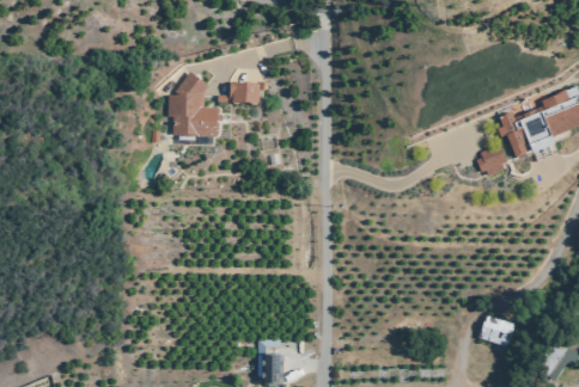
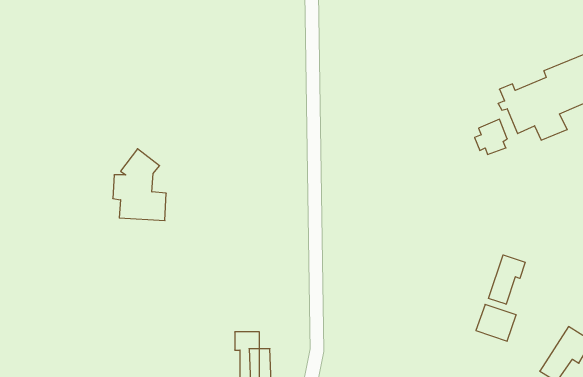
building: [167,70,217,136] -> [113,149,166,221]
building: [219,84,260,105] -> none
building: none -> [489,255,525,304]

